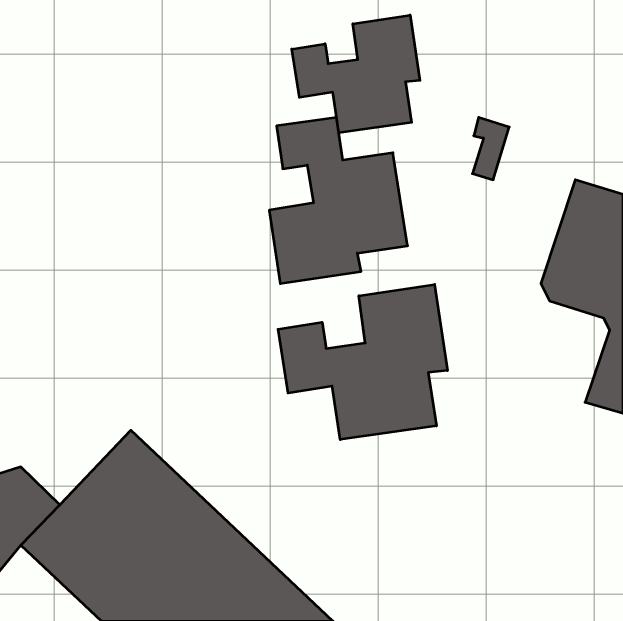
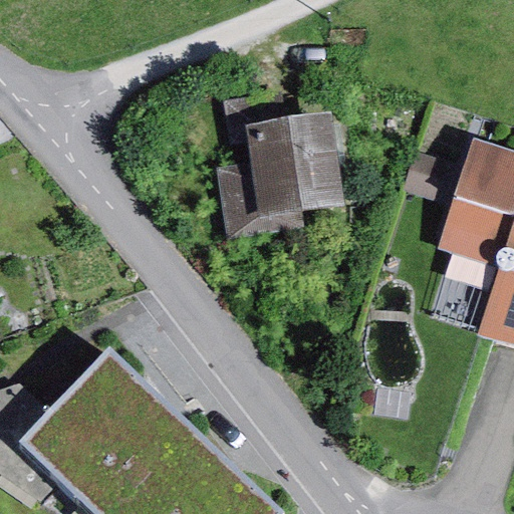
building: [292,15,420,133] -> none
building: [278,284,447,440] -> none

